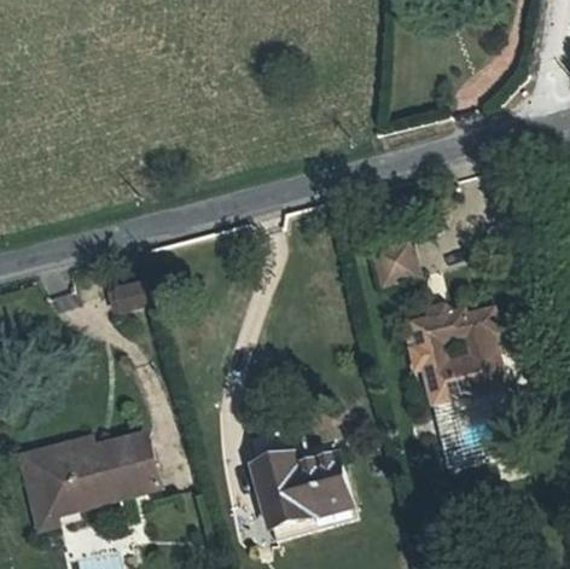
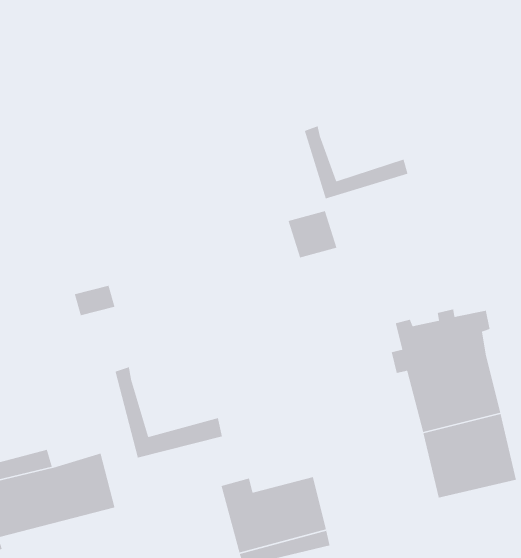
building: none -> [304,125,409,200]
building: [371,230,417,274] -> [288,210,337,259]
building: none -> [115,366,223,458]

